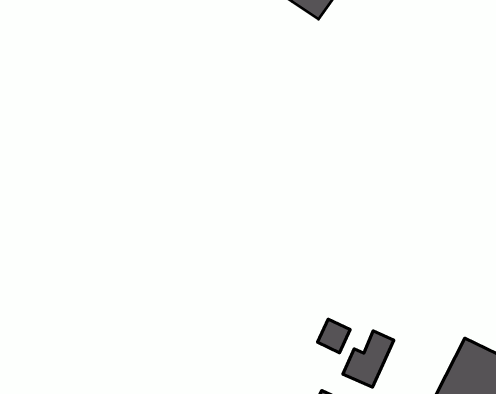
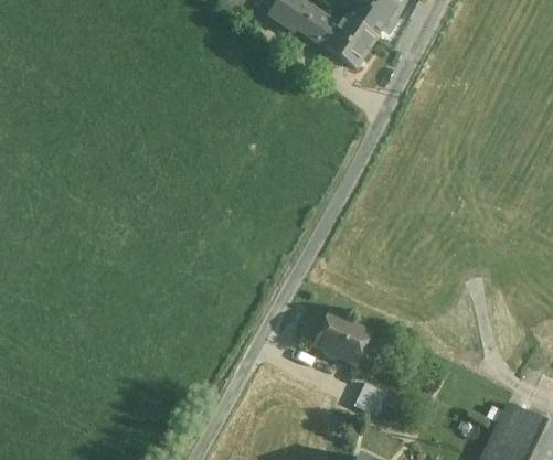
building: none -> [310,312,372,373]
building: [343,331,394,387] -> none

